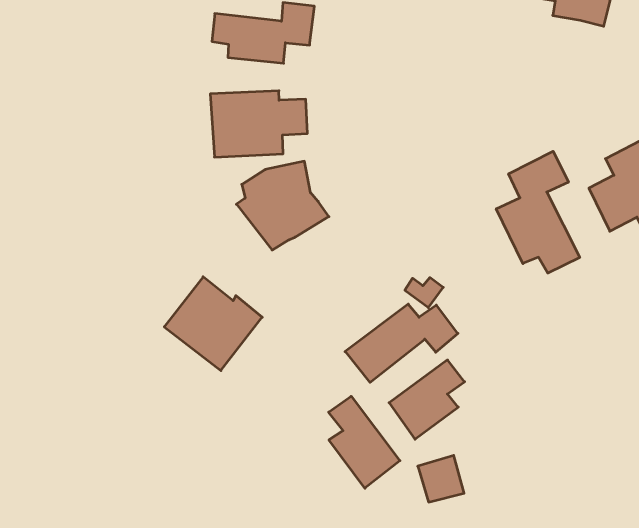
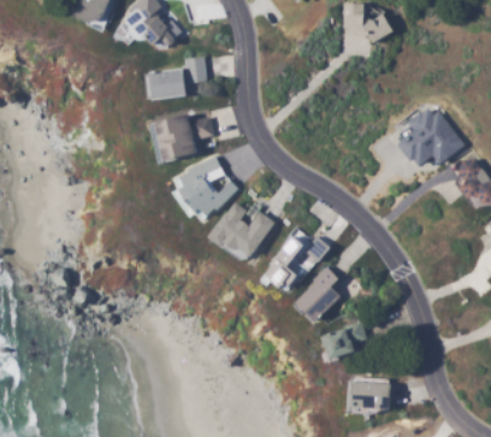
building: [496,151,580,273] -> none
building: [164,277,262,371] -> [212,201,273,259]
building: [329,396,400,488] -> none

